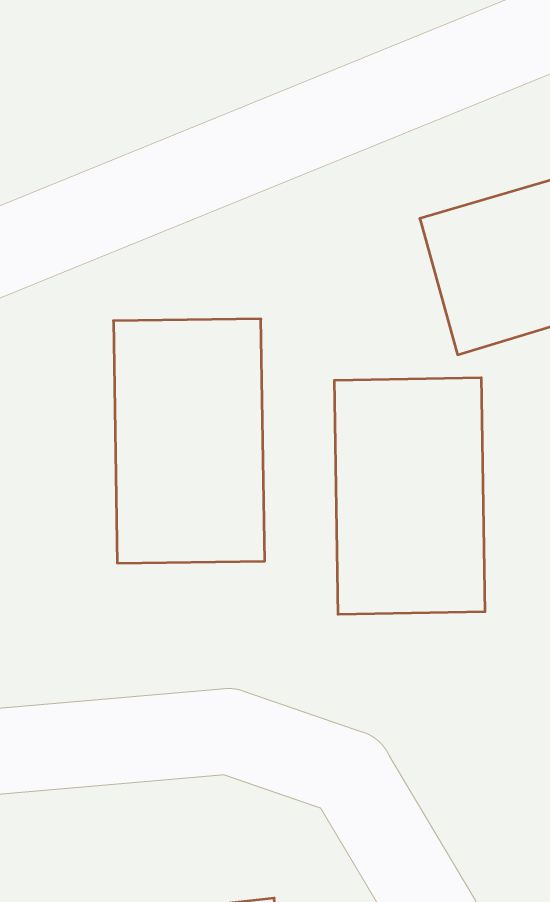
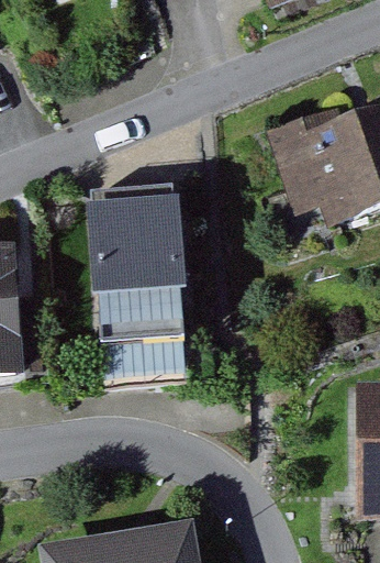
building: [334,378,485,614] -> none

